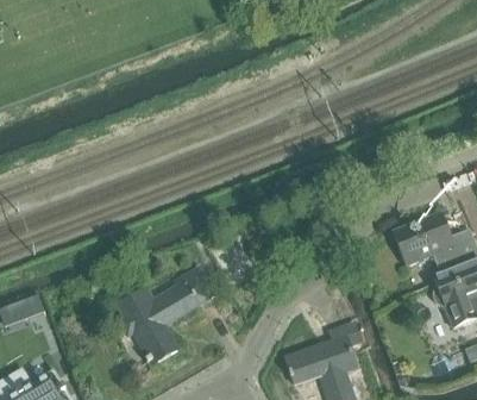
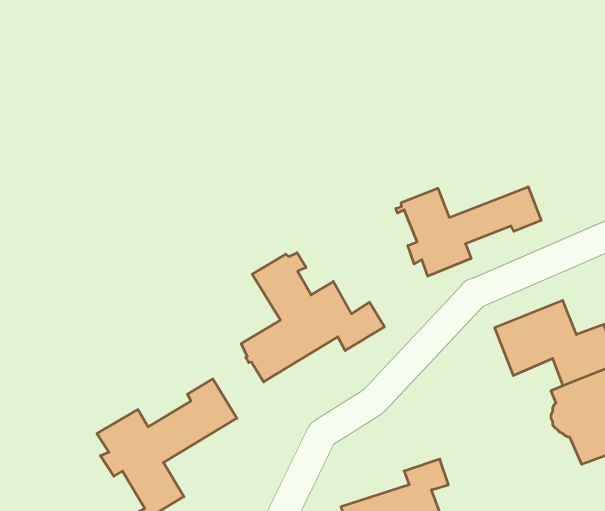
building: none -> [396,187,541,276]
building: none -> [241,253,384,382]

